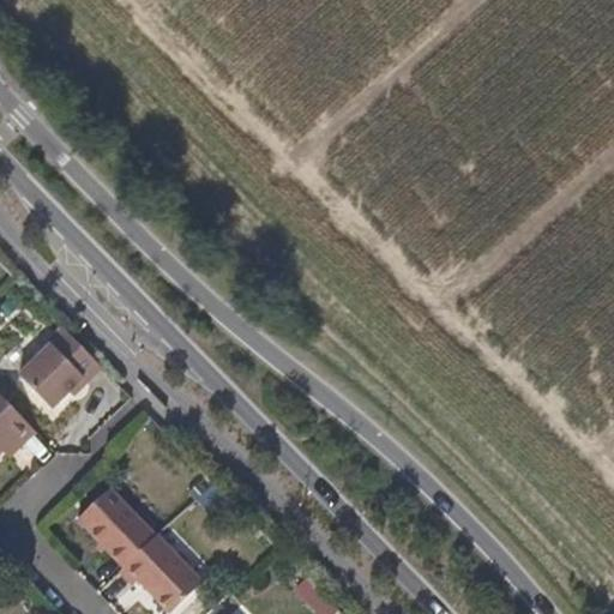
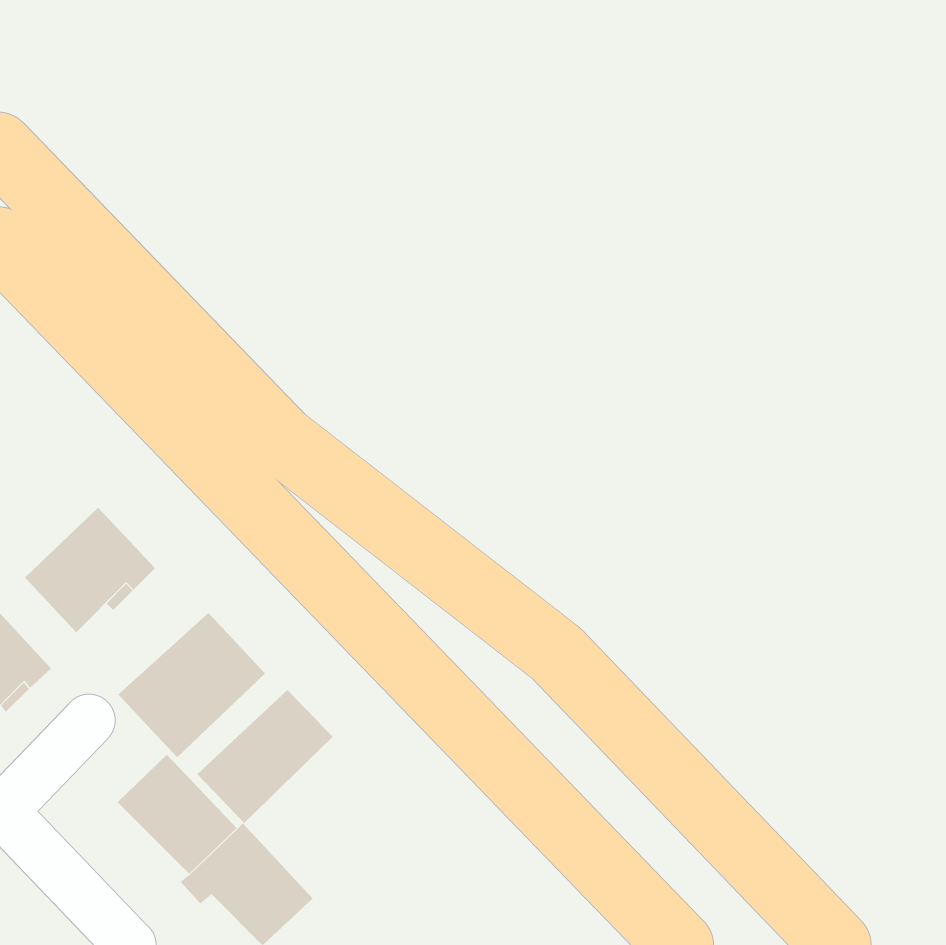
building: none -> [117,612,266,758]
building: none -> [196,689,333,824]

